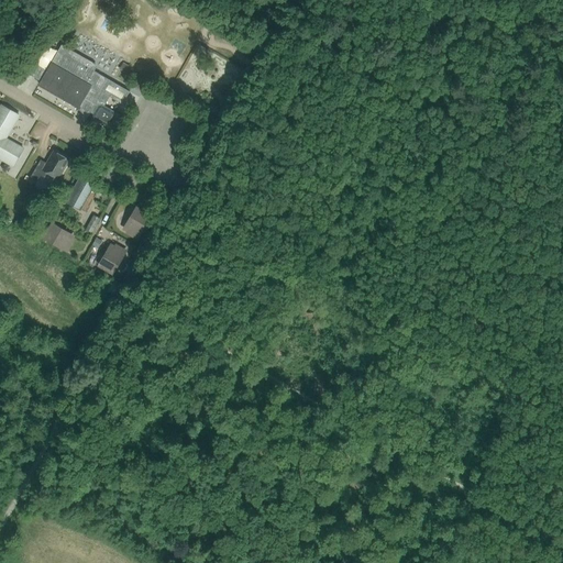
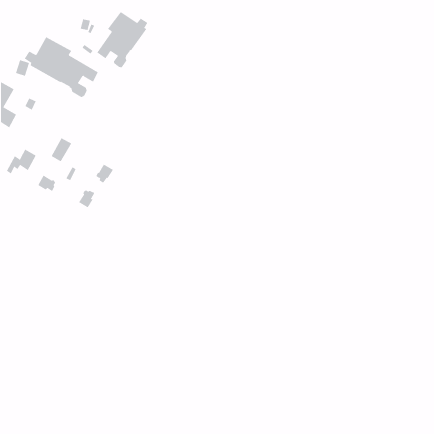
building: none -> [97,11,148,68]
building: [29,151,68,184] -> [6,149,37,174]

